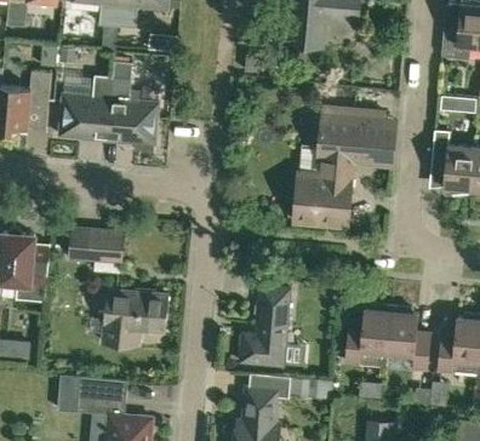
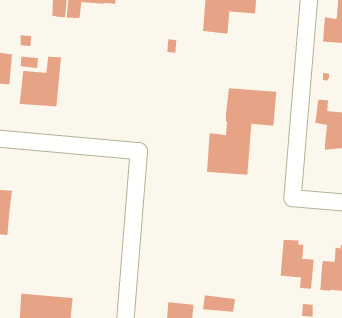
building: [107,61,159,151] -> none
building: [69,228,125,262] -> none
building: [240,286,305,366] -> none
building: [103,290,168,345] -> none
building: [345,304,392,367] -> none

